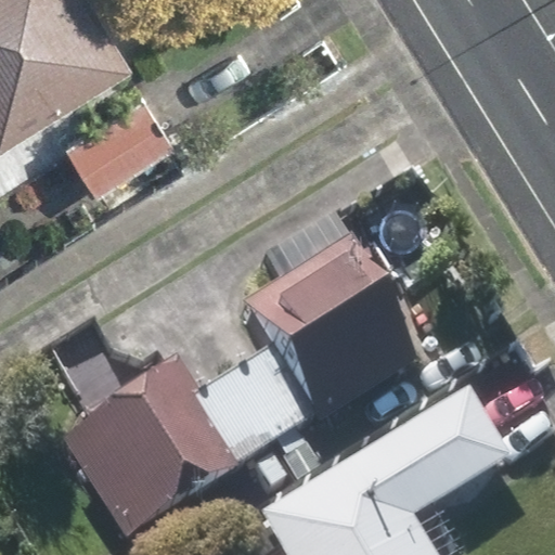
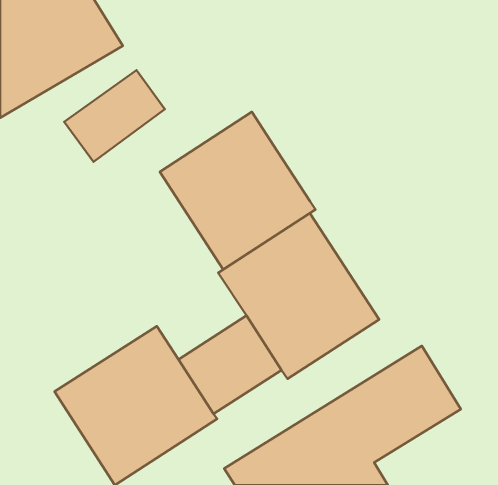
building: none -> [160,112,315,270]

